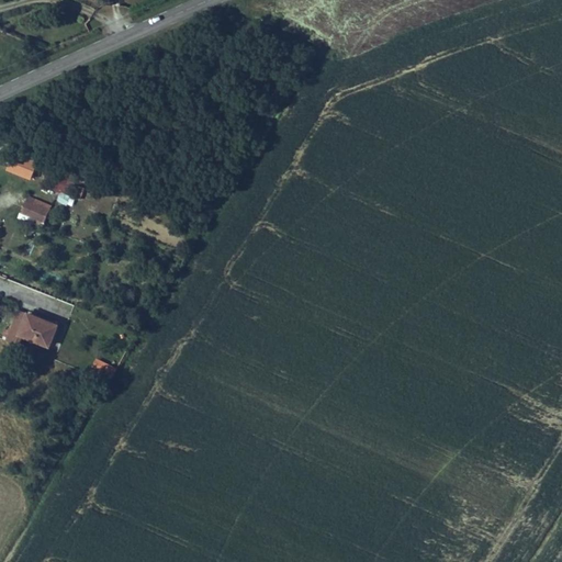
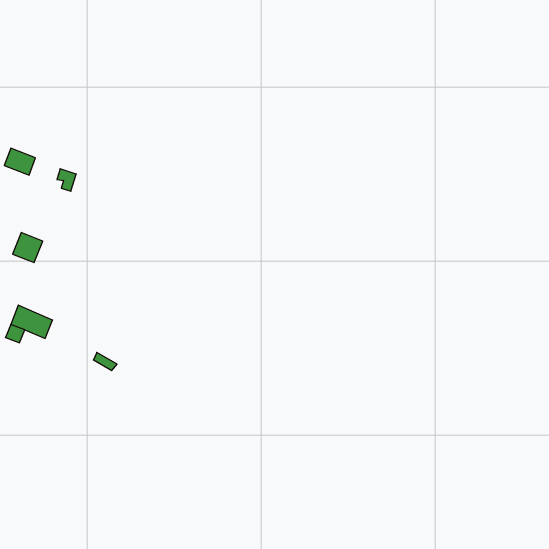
building: [20,196,50,227] -> [13,233,43,263]

